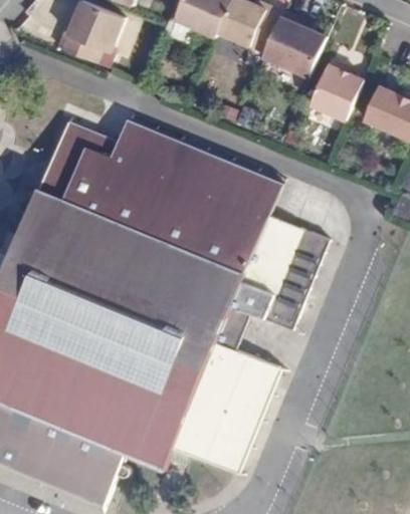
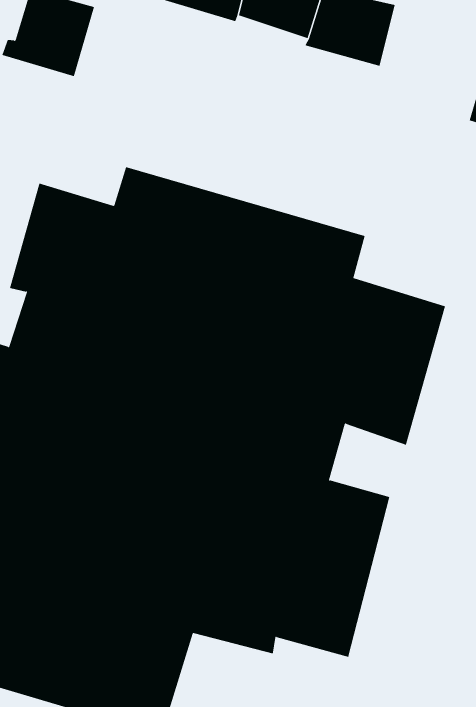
building: [309,58,362,118] -> none

